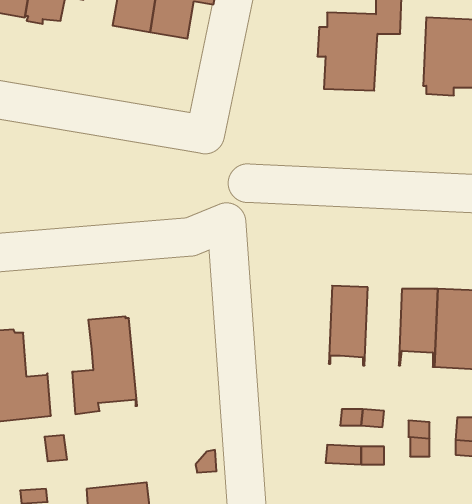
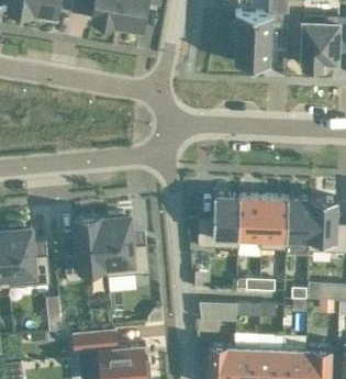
building: none -> [197,196,239,249]
building: none -> [261,198,287,250]
building: none -> [102,214,149,278]
building: none -> [199,303,236,322]

